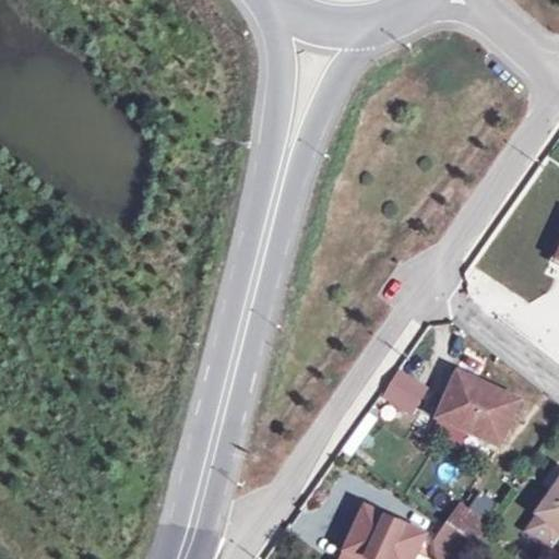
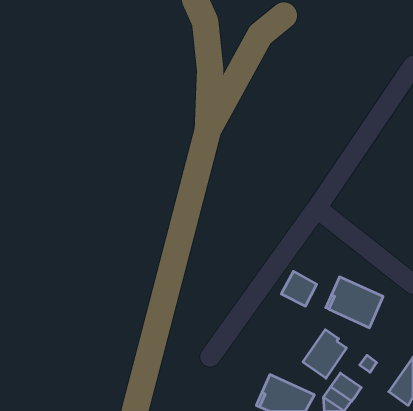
building: none -> [303,330,346,378]

